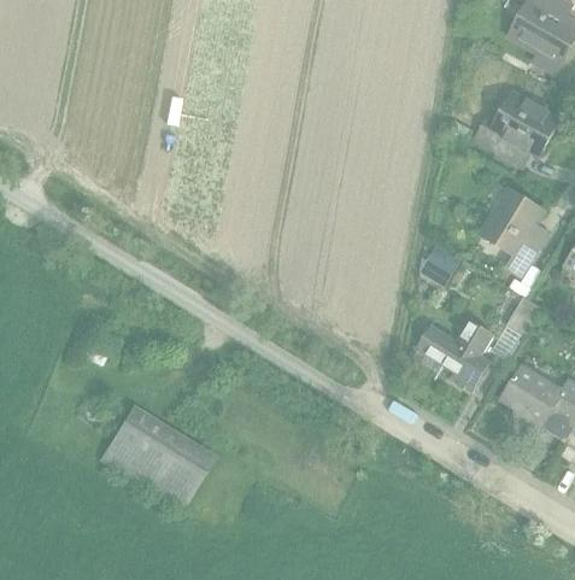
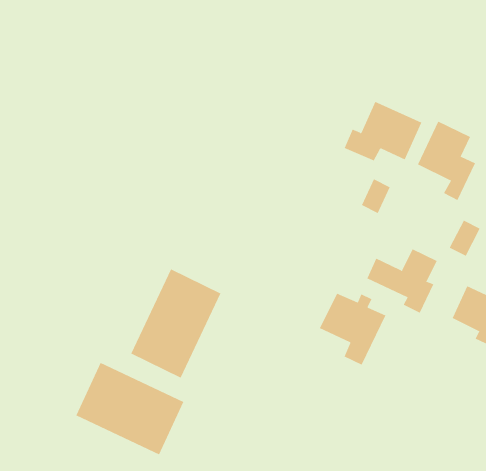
building: [475,92,559,157] -> [344,101,422,161]
building: none -> [131,269,221,378]
building: none -> [319,293,386,366]

